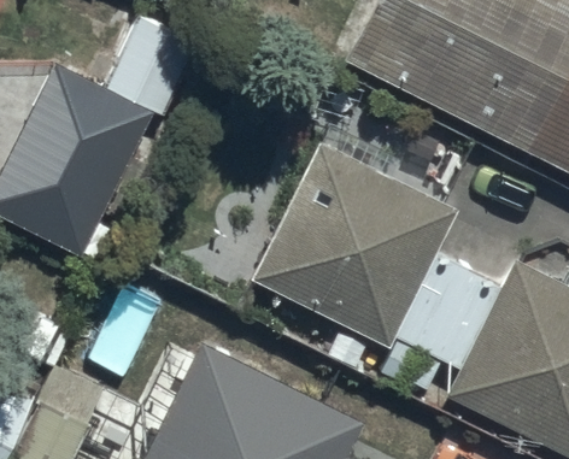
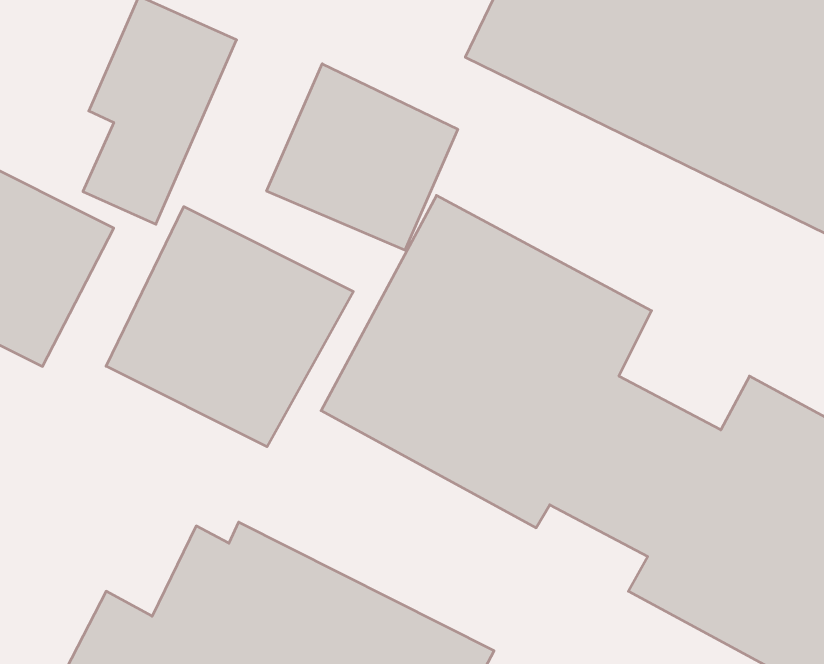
building: none -> [267,64,458,250]
building: none -> [106,207,353,447]

